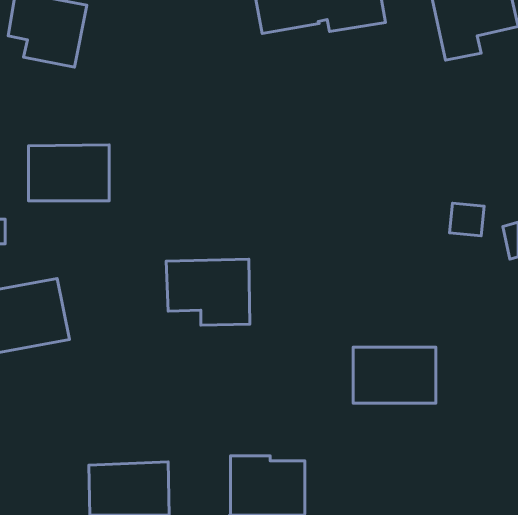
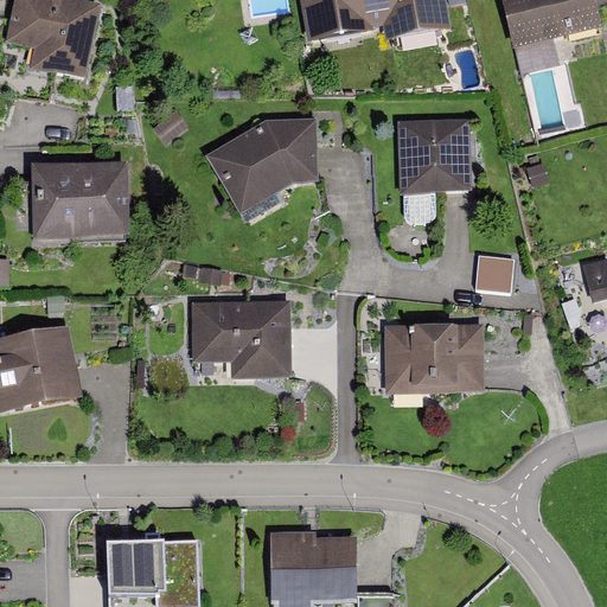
building: none -> [401,120,468,193]
building: none -> [205,121,315,206]
building: [450,203,484,236] -> [472,253,512,290]
building: [353,347,436,403] -> [386,324,483,389]

